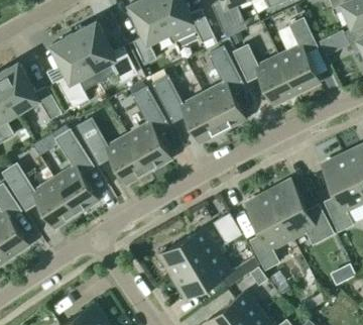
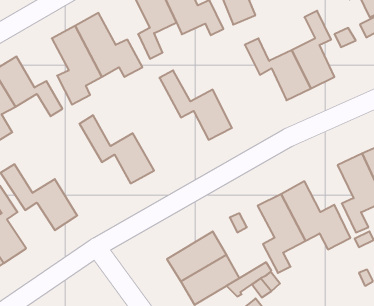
building: [204,46,245,130] -> none
building: [128,87,170,171] -> none
building: [54,130,97,213] -> none

